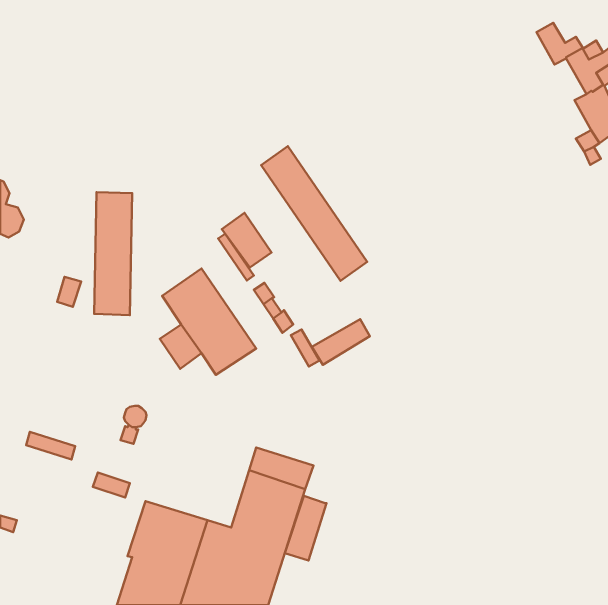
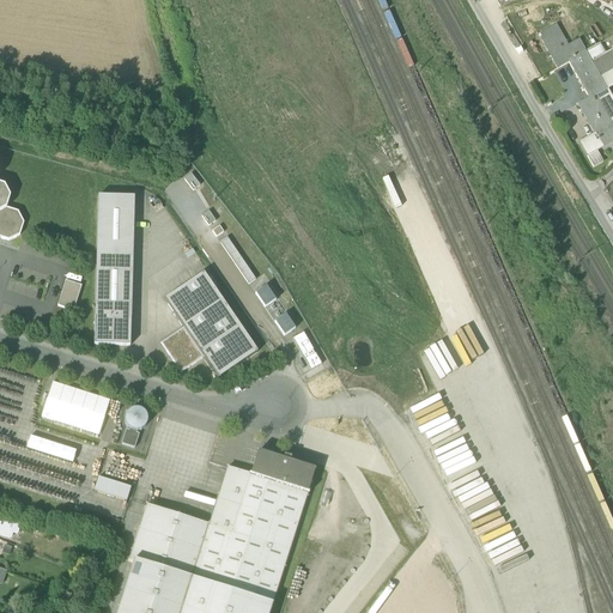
building: [261,146,367,281] -> none
building: [222,213,271,267] -> none
building: none -> [95,315,132,344]
building: [312,319,370,365] -> none
building: none -> [42,380,111,433]
building: [285,496,326,560] -> [210,465,251,529]

